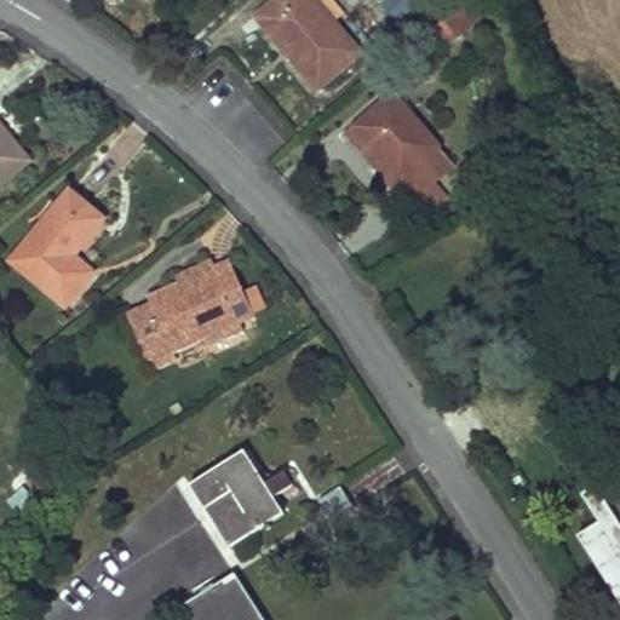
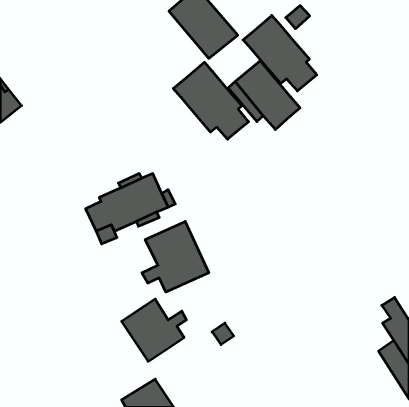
building: none -> [243,15,317,91]
building: none -> [173,62,249,139]
building: [12,190,105,306] -> none
building: none -> [142,221,209,292]

